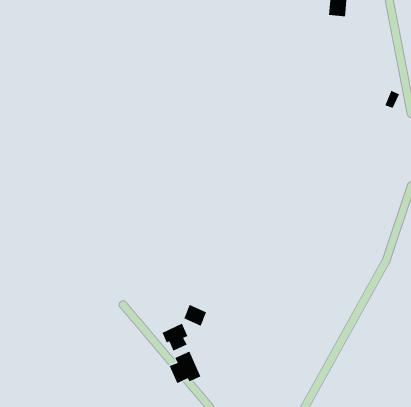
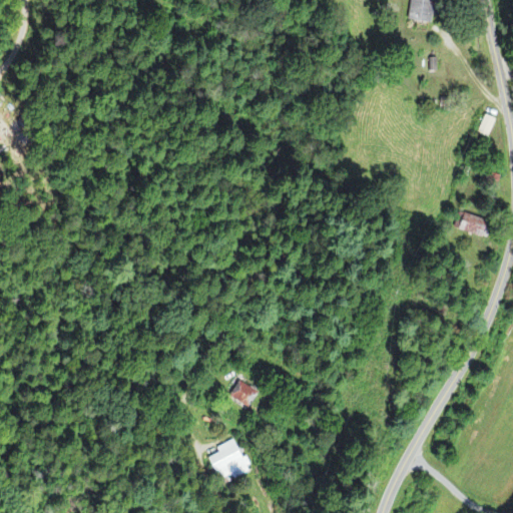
building: none -> [453,213,490,235]
building: [162,323,188,351] -> none

